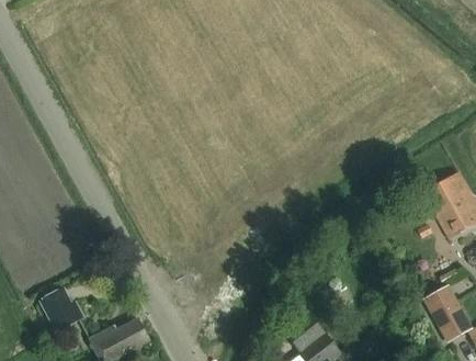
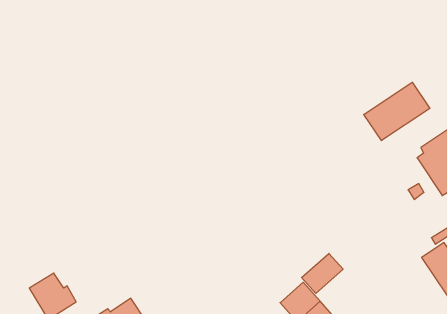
building: none -> [364,82,430,141]
building: none -> [302,253,343,293]

